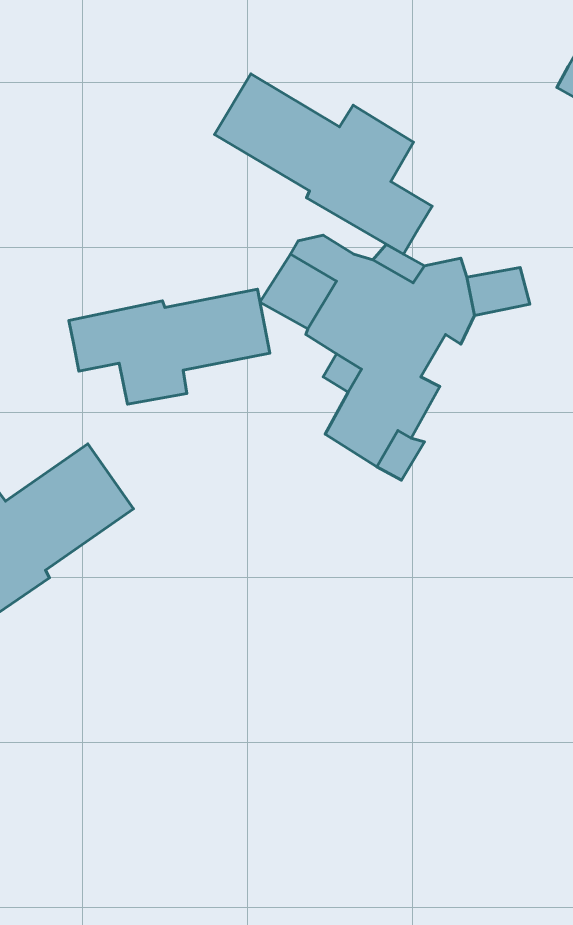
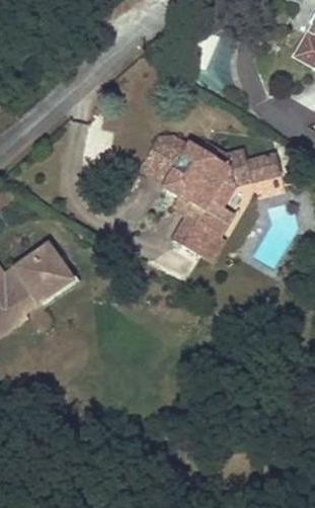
building: [214,74,432,254] -> none
building: [69,289,270,404] -> none

